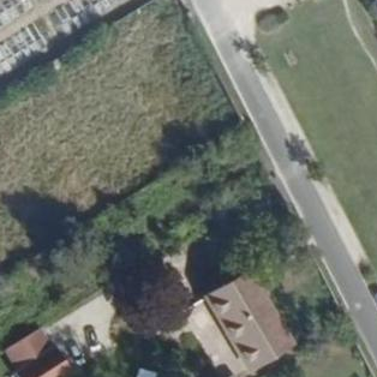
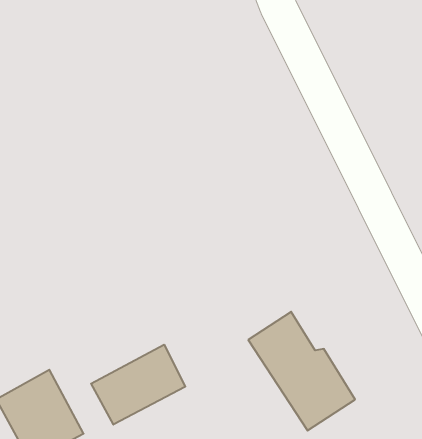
building: none -> [91,345,185,425]

